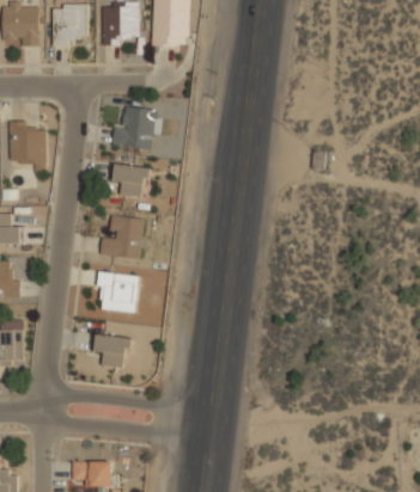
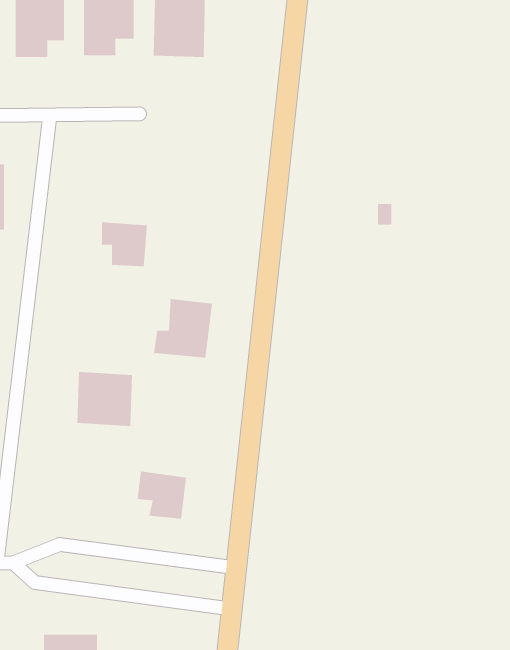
building: [112,107,156,148] -> none
building: [101,215,144,258] -> [153,298,213,358]
building: [95,333,130,368] -> [137,471,187,519]

